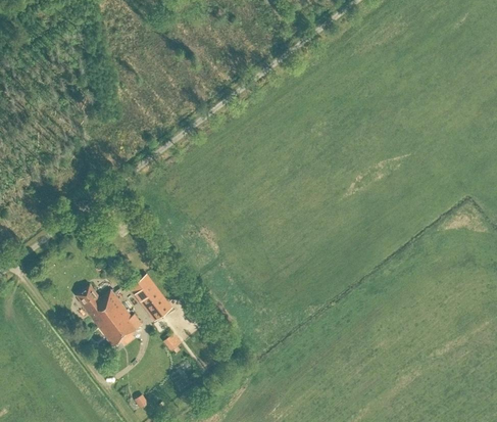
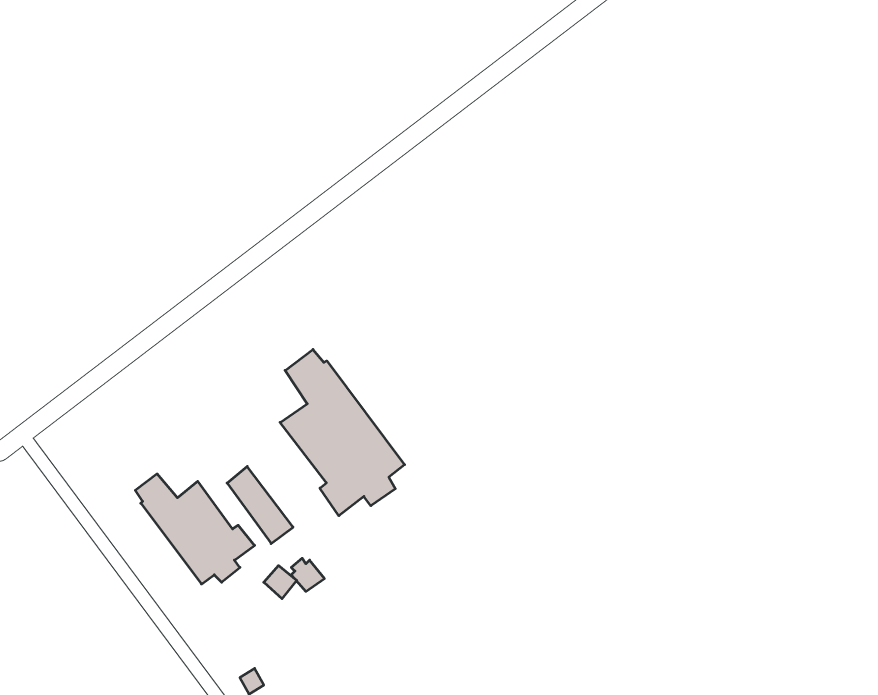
building: none -> [280,349,405,516]

